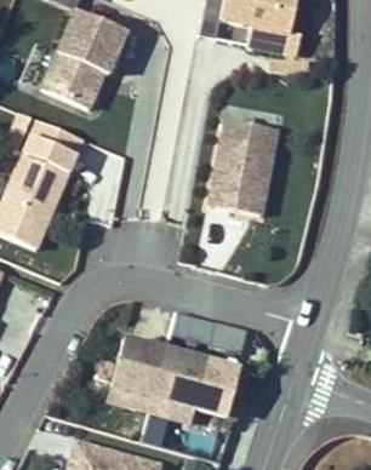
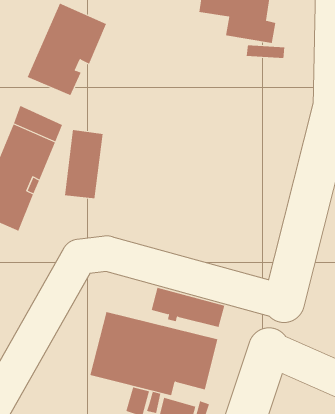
building: [209,115,282,216] -> none

